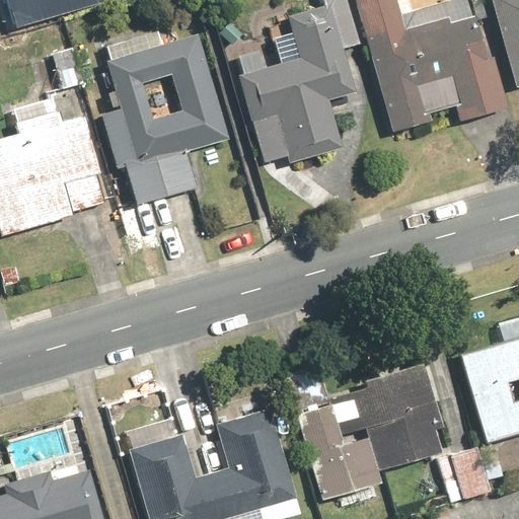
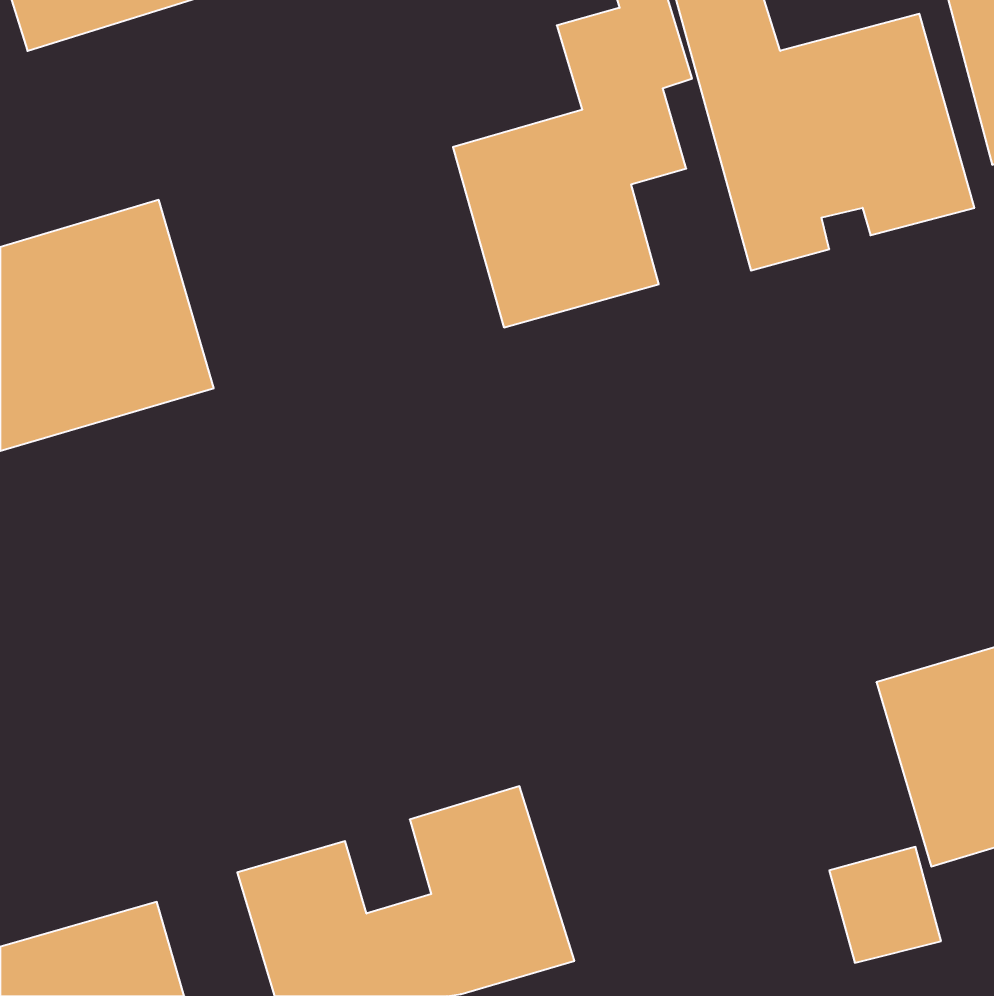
building: [101,34,228,209] -> none
building: [295,375,434,504] -> none

